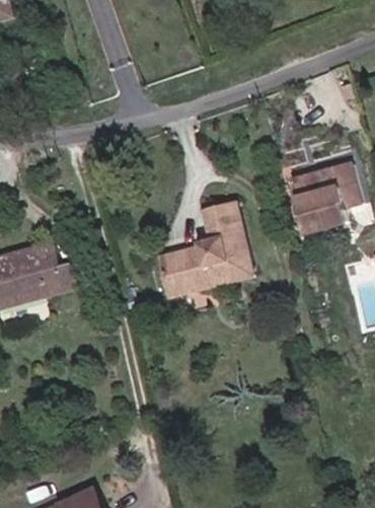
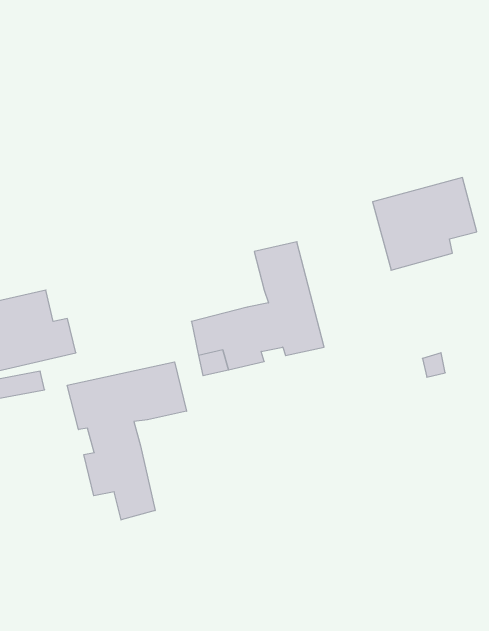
building: none -> [67,362,187,520]

